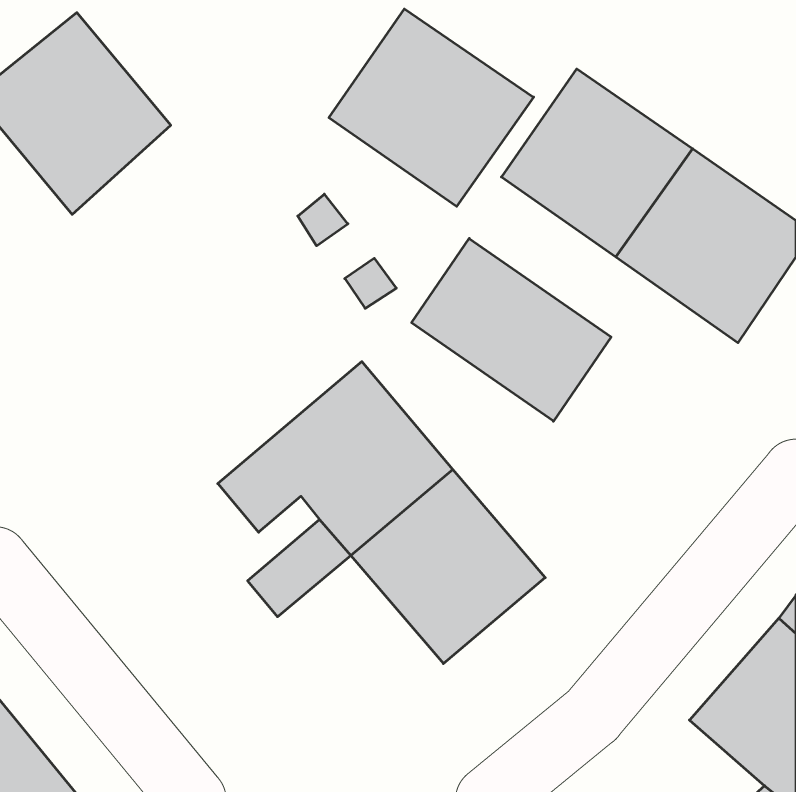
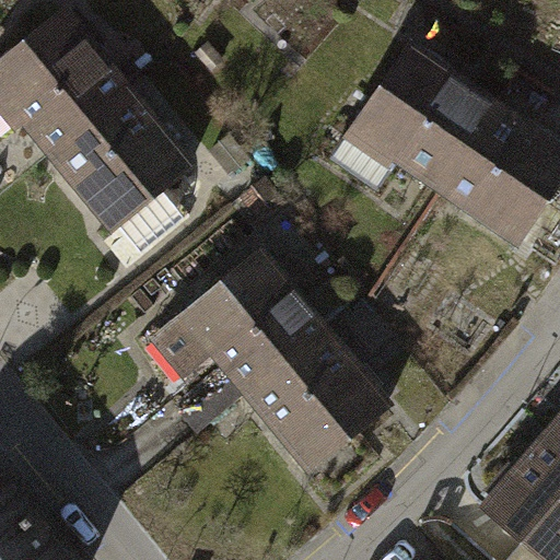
building: [329,9,534,206] -> none
building: none -> [50,93,184,259]
building: [412,238,611,421] -> none

